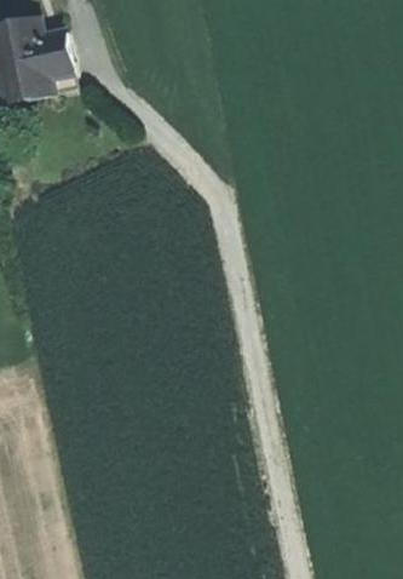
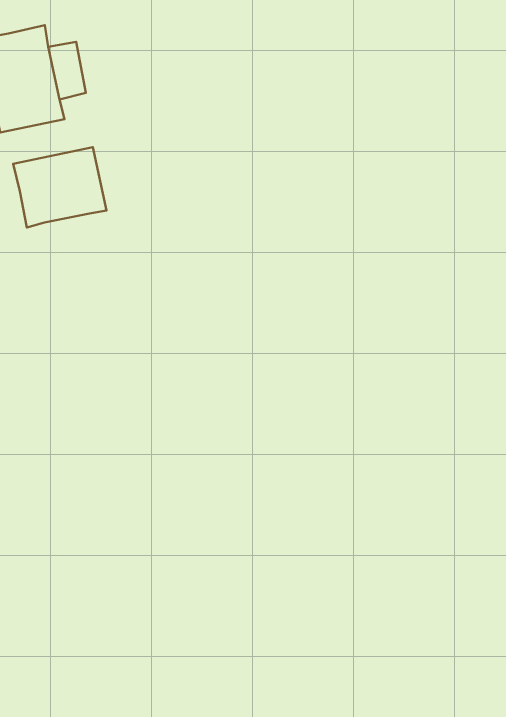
building: none -> [13,147,107,227]

